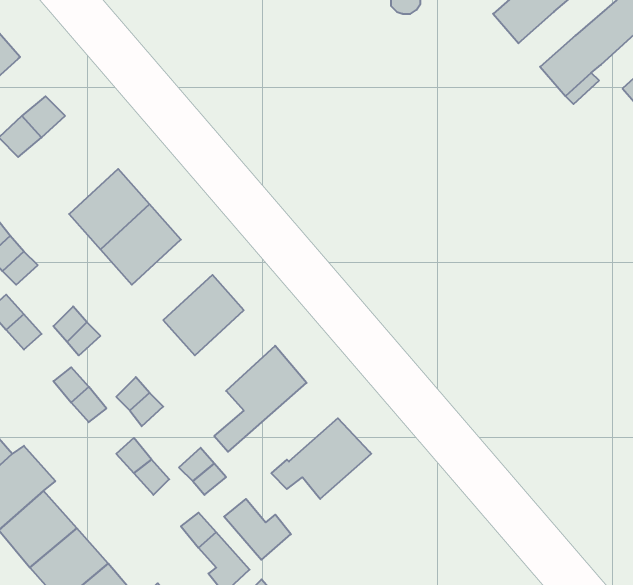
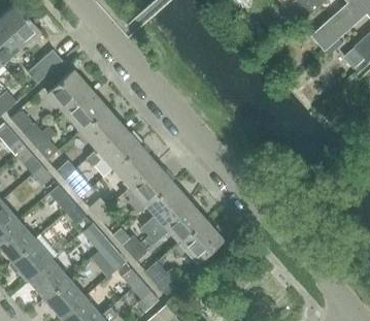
building: none -> [47,70,91,114]
building: none -> [87,127,140,169]
building: none -> [122,164,173,214]
building: none -> [148,202,206,247]

